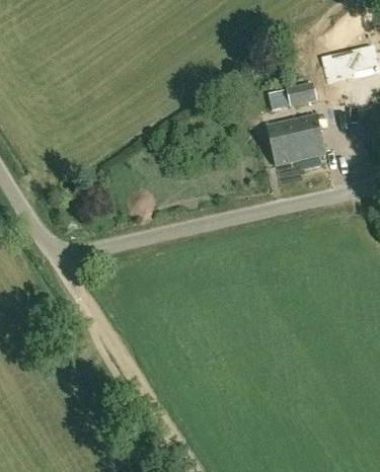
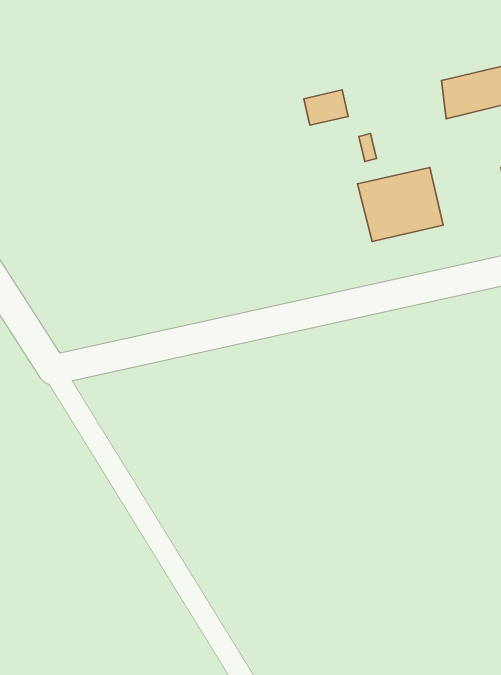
building: [286,83,316,107] -> [304,90,348,125]

